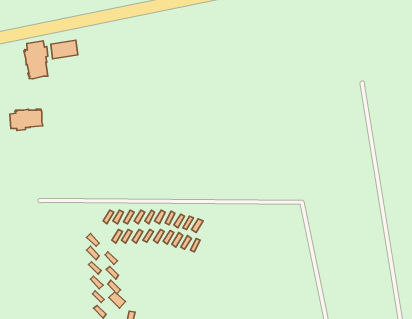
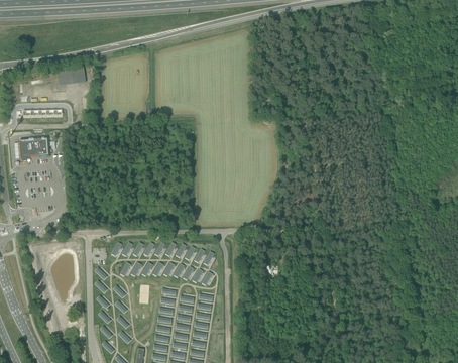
building: [24,41,48,79] -> none

